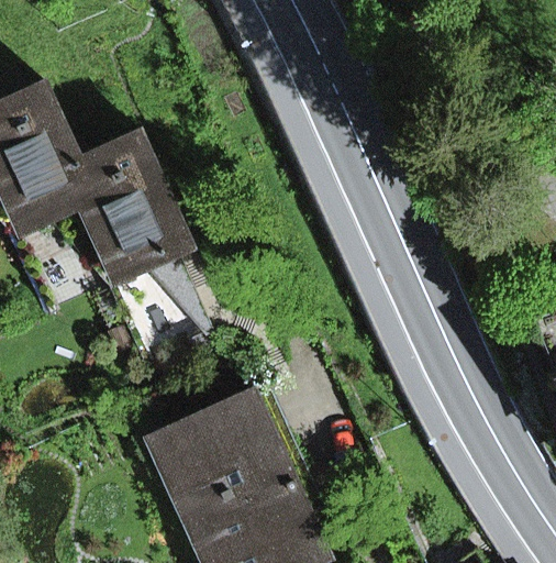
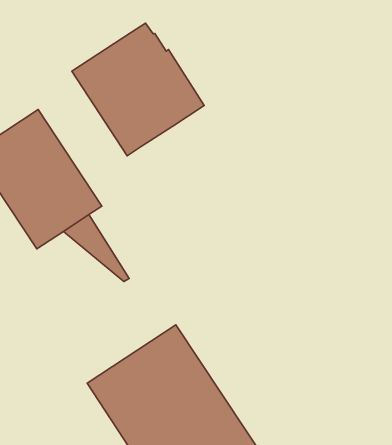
building: none -> [72,23,204,156]

